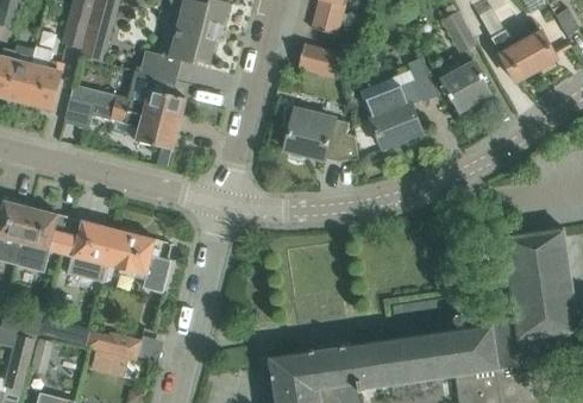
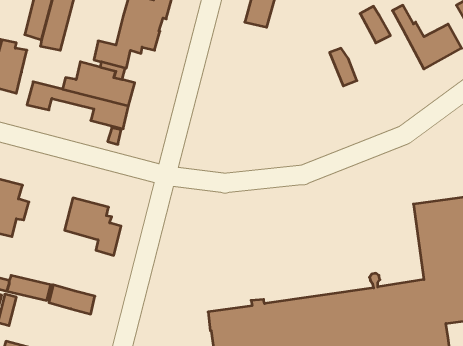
building: [297,44,343,77] -> none
building: [439,61,491,112] -> none
building: [363,81,421,147] -> none
building: [283,109,357,162] -> none
building: [59,220,115,282] -> none

